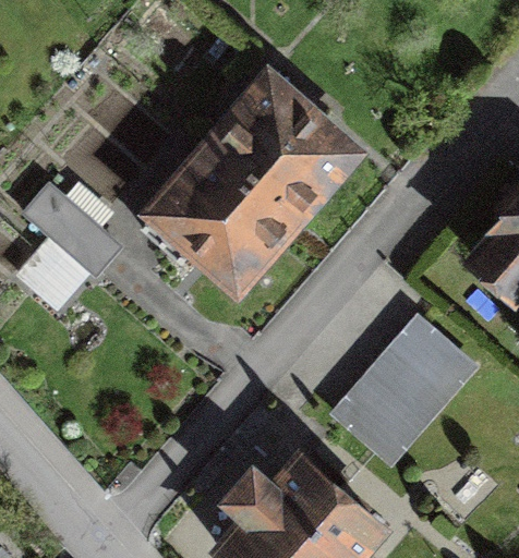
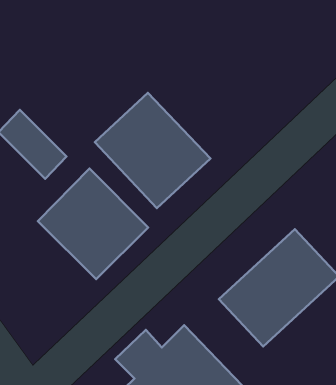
building: [210,80,362,227] -> none
building: none -> [38,169,148,279]

